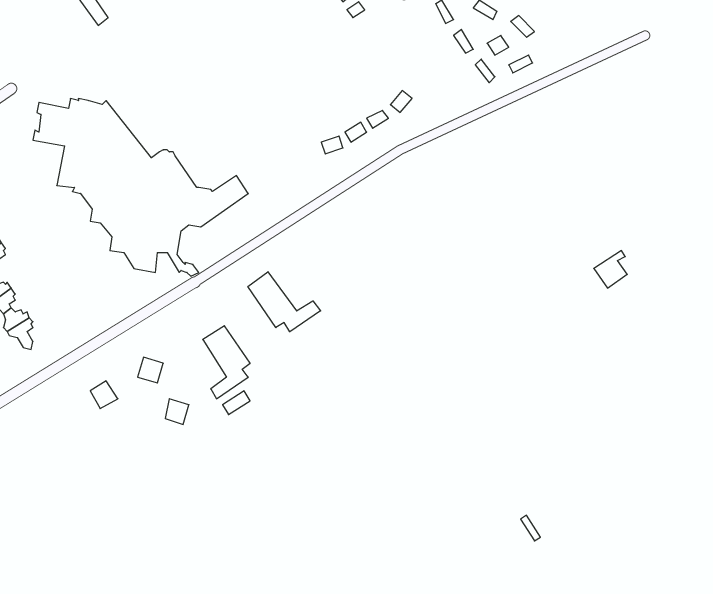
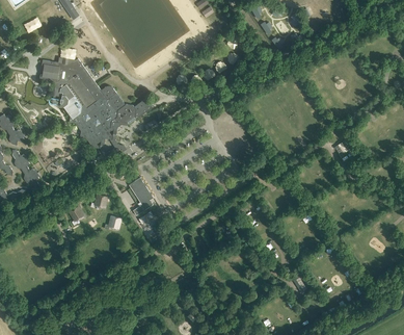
building: [248,272,321,332] -> none

